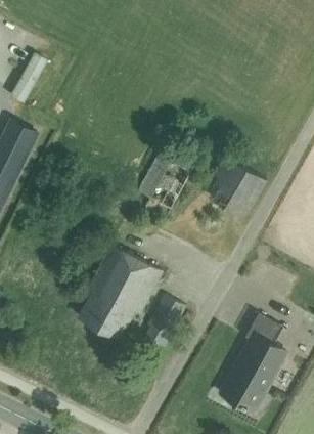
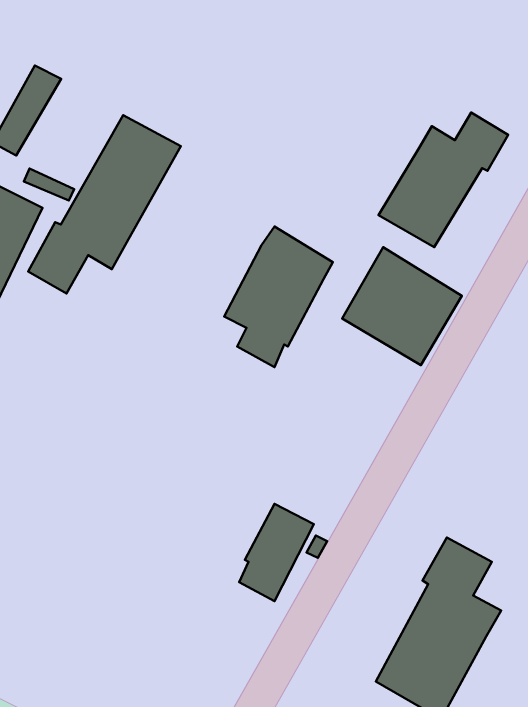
building: none -> [379,112,508,247]
building: none -> [28,115,181,294]
building: [78,245,163,339] -> none

